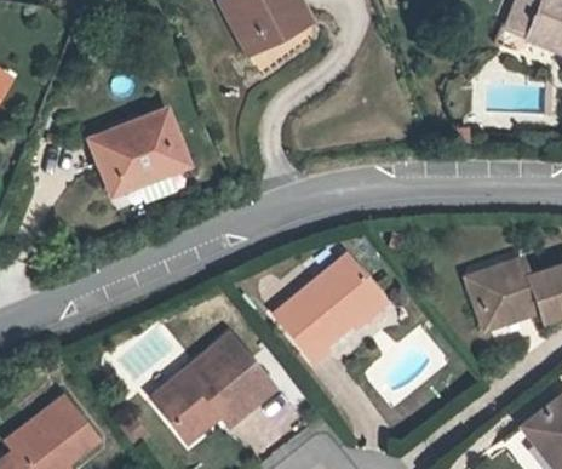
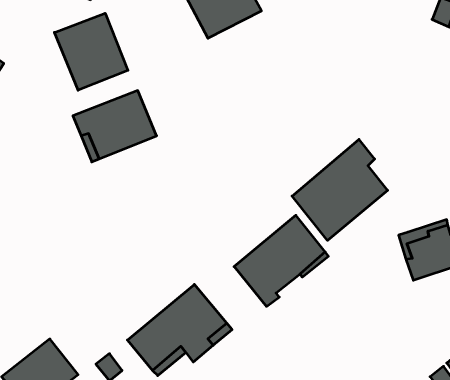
building: none -> [54,13,128,90]
building: none -> [292,139,388,240]

